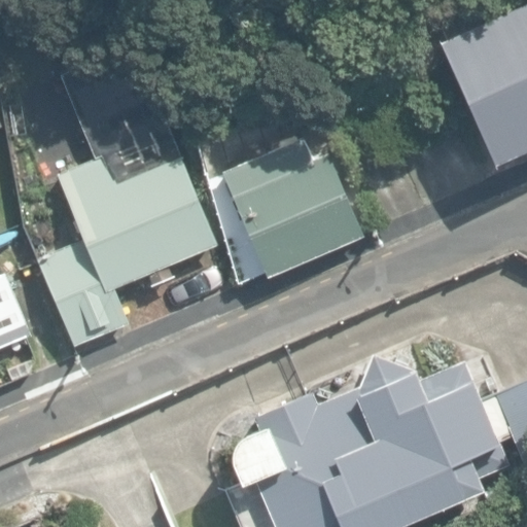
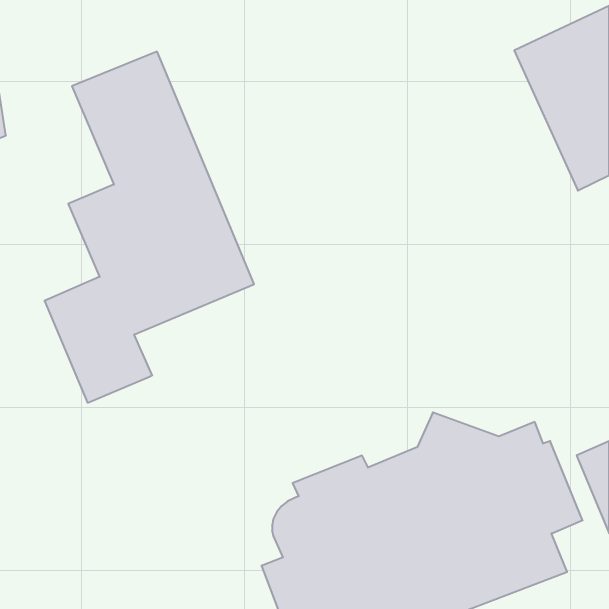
building: [222,134,365,280] -> none

